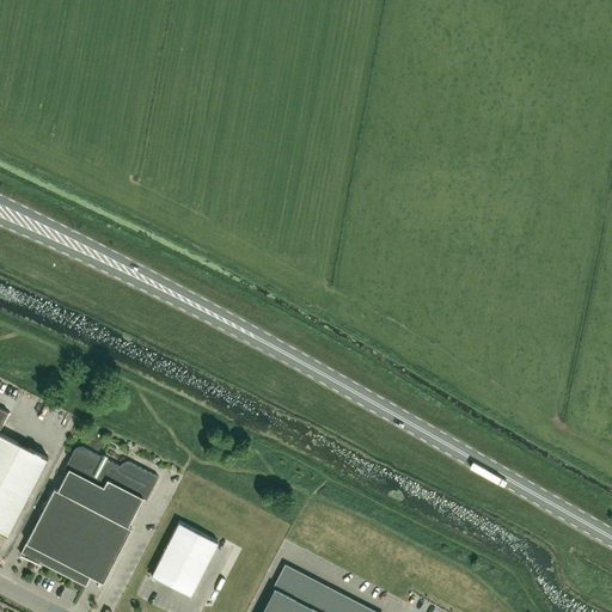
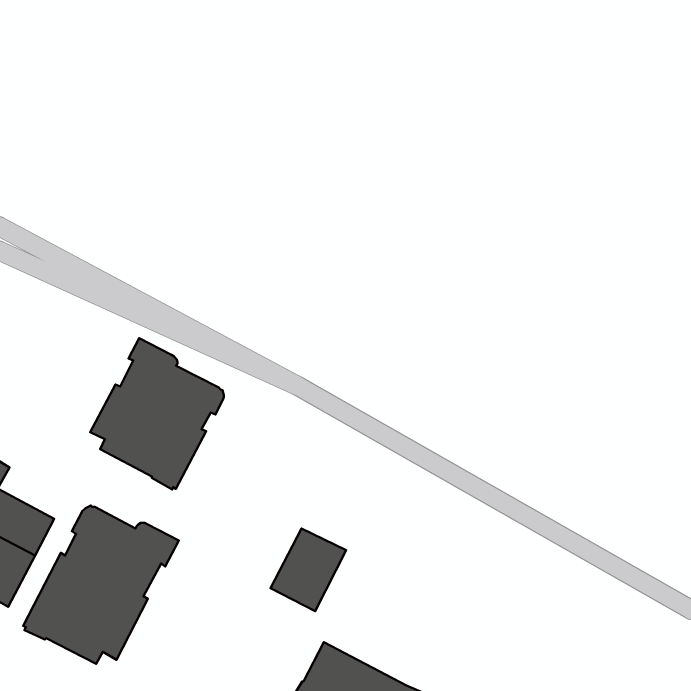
building: none -> [90,338,224,489]
building: [151,524,218,596] -> [270,529,346,611]

